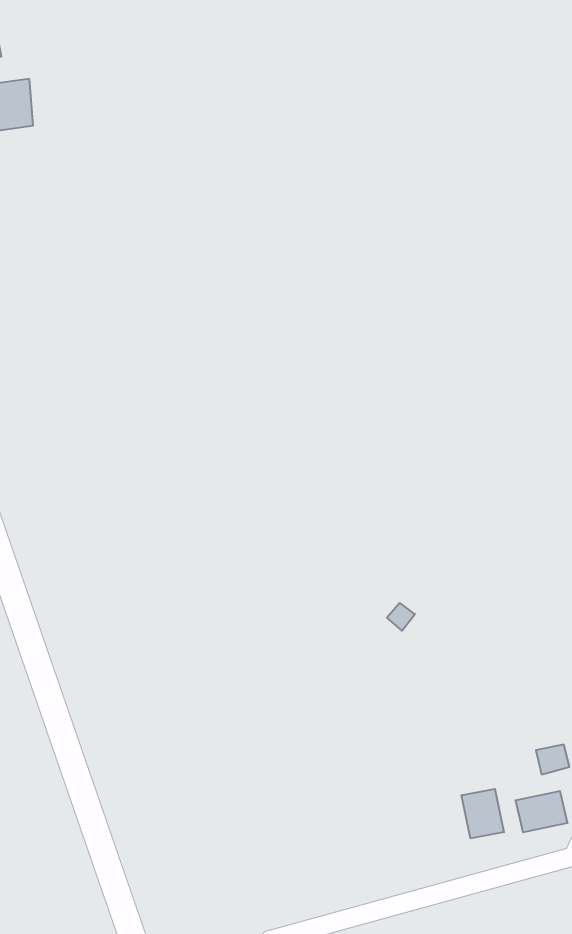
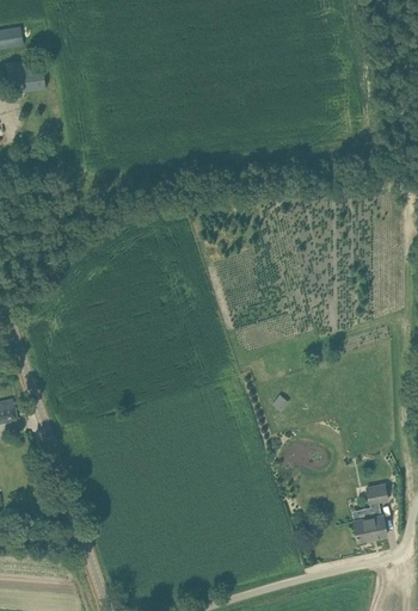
building: [462,789,504,838] -> none

